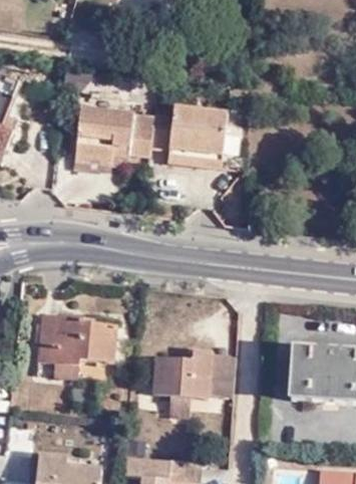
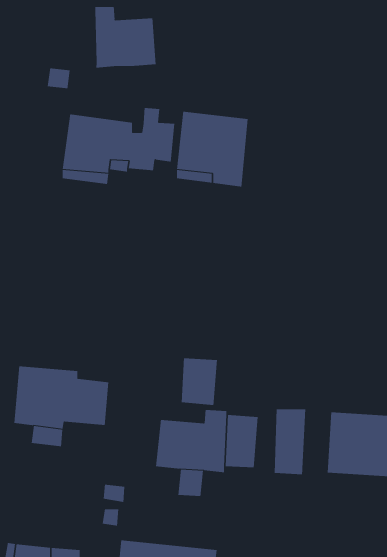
building: none -> [95,6,156,68]
building: none -> [181,357,218,406]
building: none -> [274,408,306,475]

